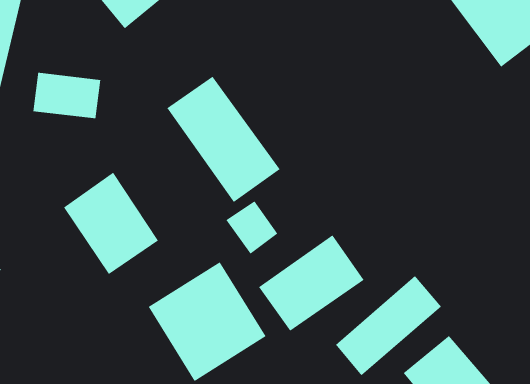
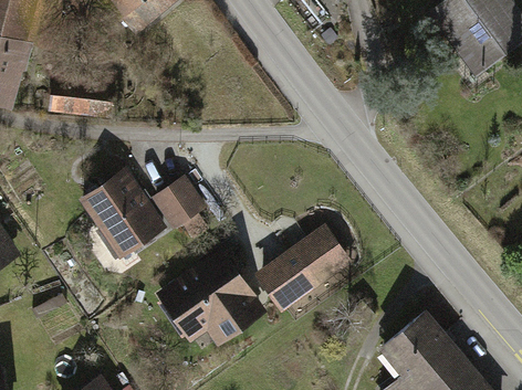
building: [166,76,281,203] -> none
building: [226,200,278,254] -> [156,178,203,226]
building: [335,275,442,376] -> none

